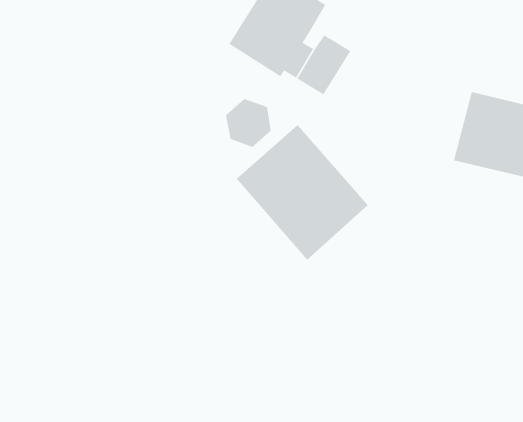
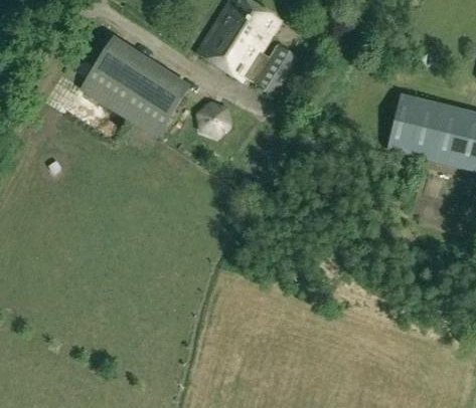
building: none -> [93,48,193,136]
building: [236,124,368,260] -> none

